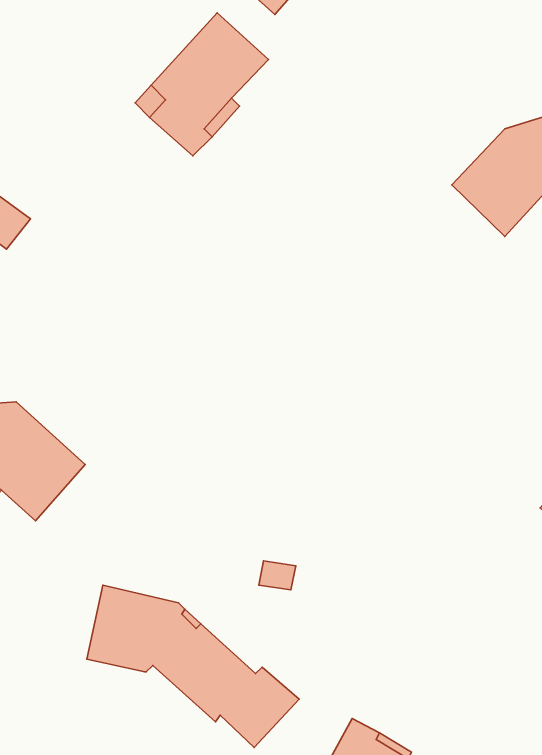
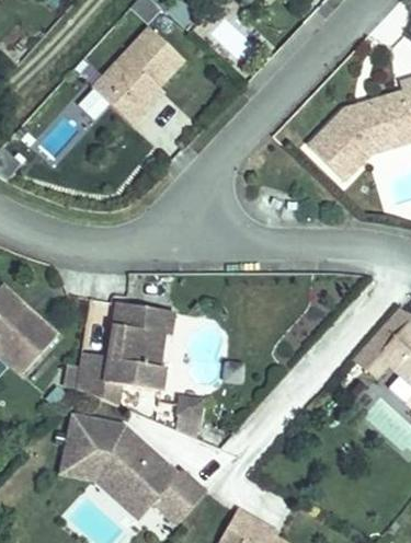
building: none -> [75,302,173,404]
building: none -> [58,466,148,521]

